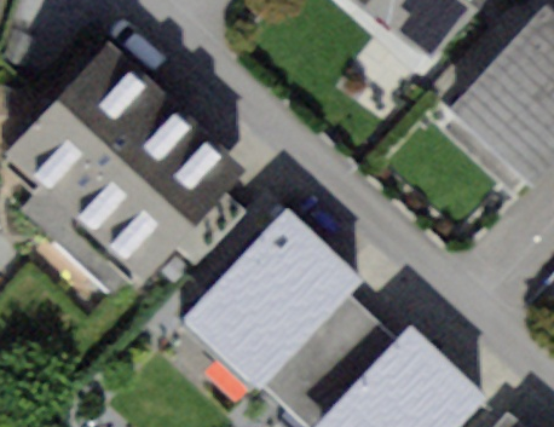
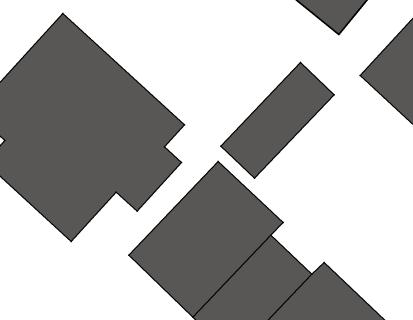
building: none -> [221,63,334,178]

